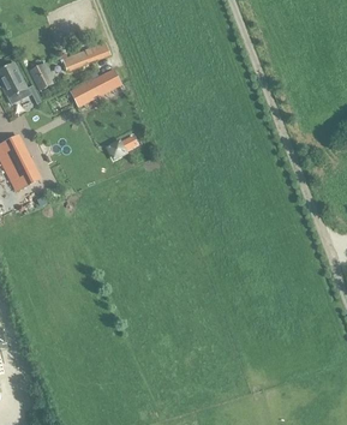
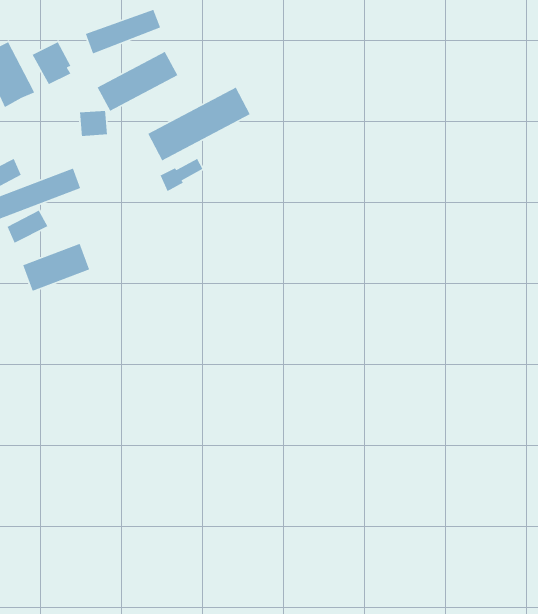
building: none -> [147,86,251,161]
building: none -> [22,243,90,292]

